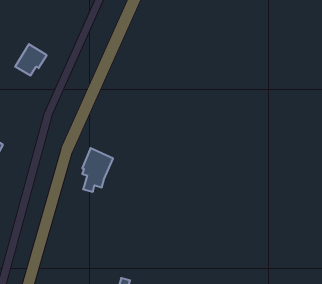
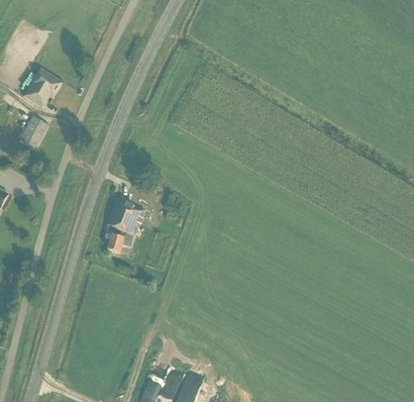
building: none -> [18,114,47,147]

